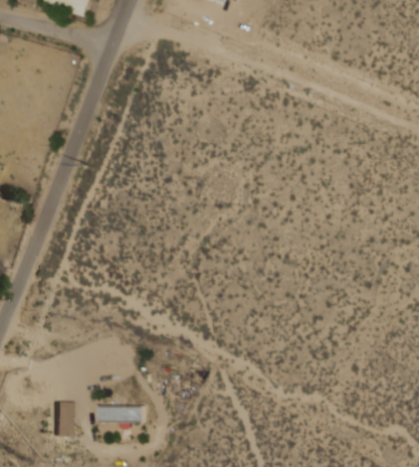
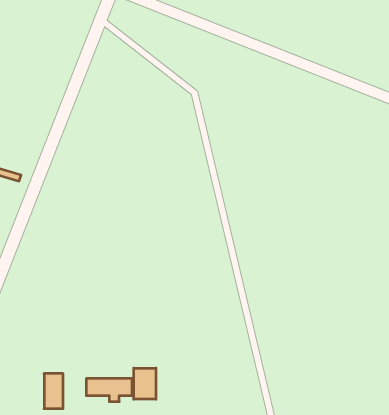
building: none -> [134,368,156,399]

